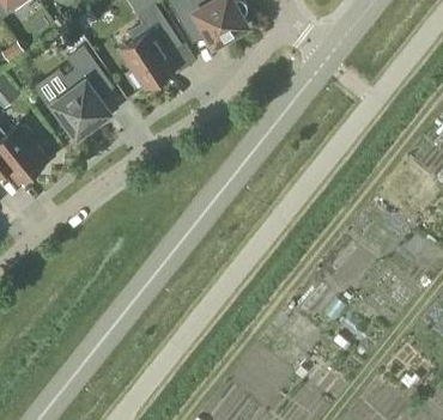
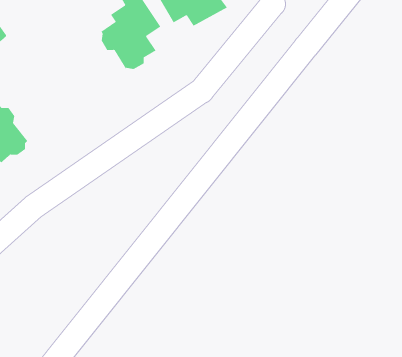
building: [51,48,111,138] -> none

